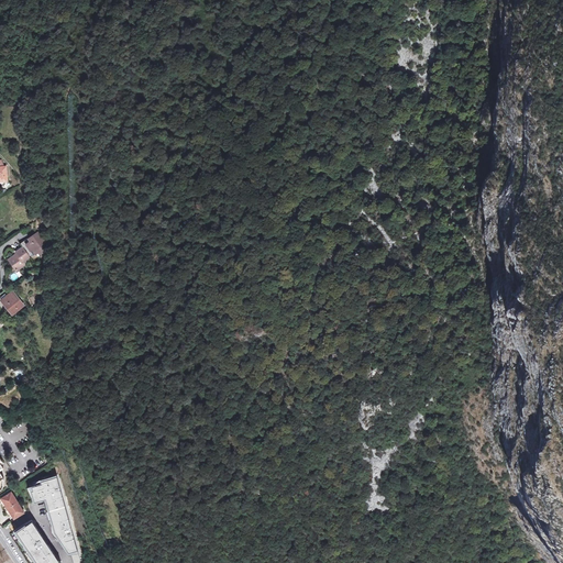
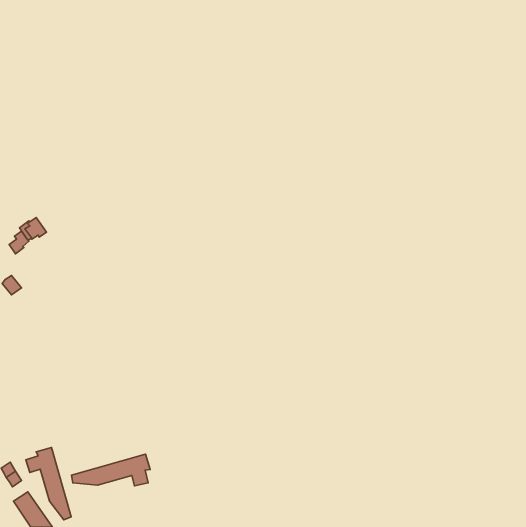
building: none -> [72,454,150,486]

